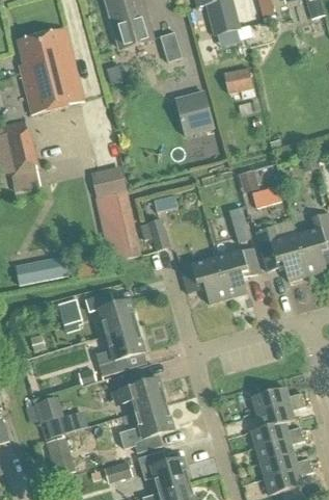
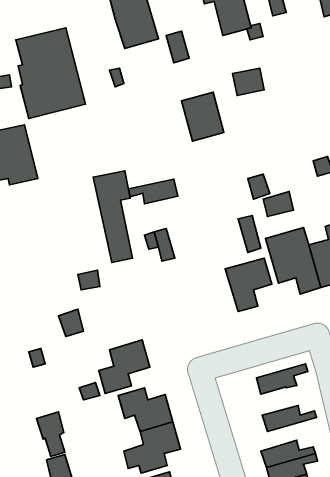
building: none -> [128,179,178,204]
building: [15,255,68,285] -> none
building: [180,258,228,304] -> none
building: [85,293,137,335] -> none
building: [256,399,305,428] -> [257,364,308,394]

